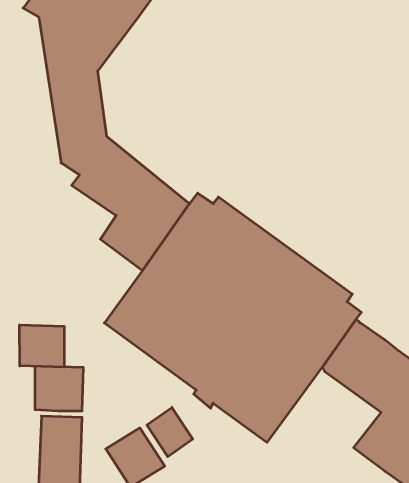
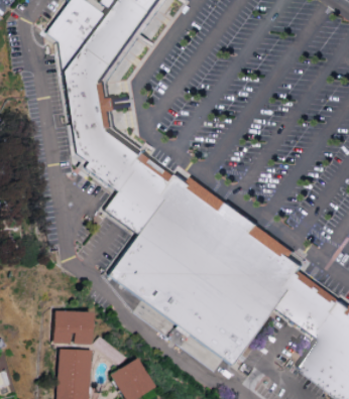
building: [20,325,64,367] -> none
building: [147,407,193,457] -> none

